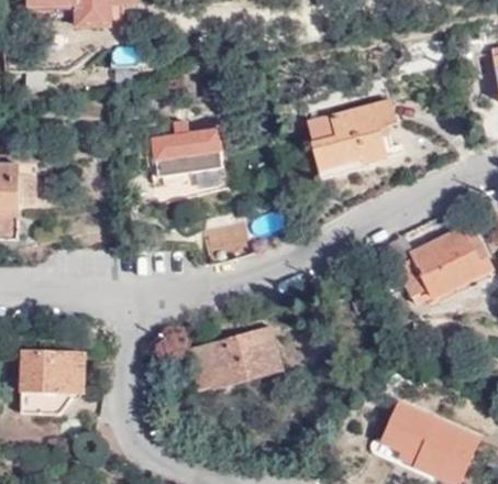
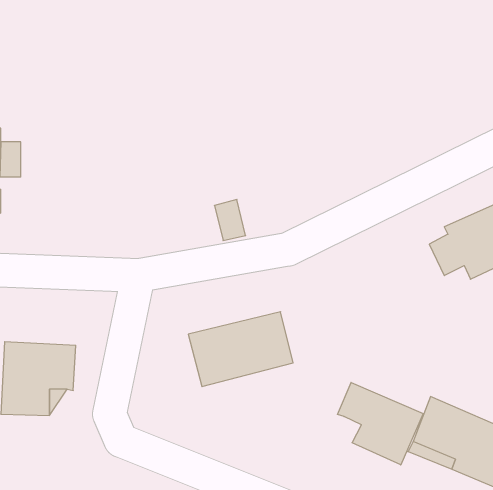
building: [306,98,396,167] -> none
building: [140,127,223,175] -> none
building: none -> [337,382,423,465]

